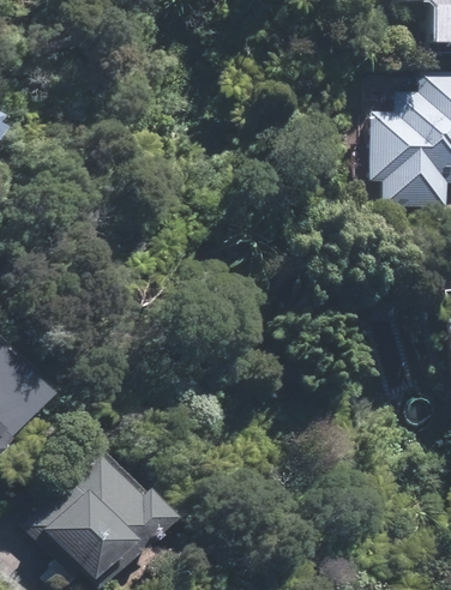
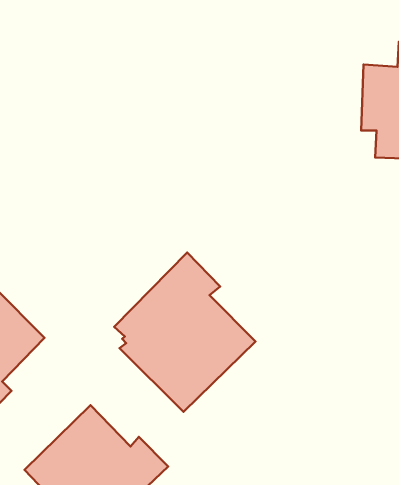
building: none -> [114,252,255,412]

